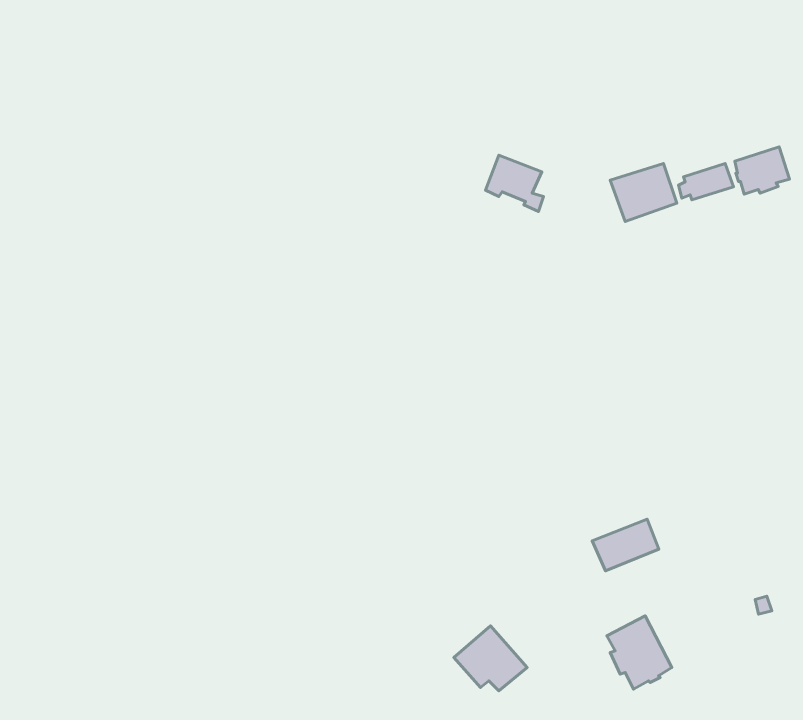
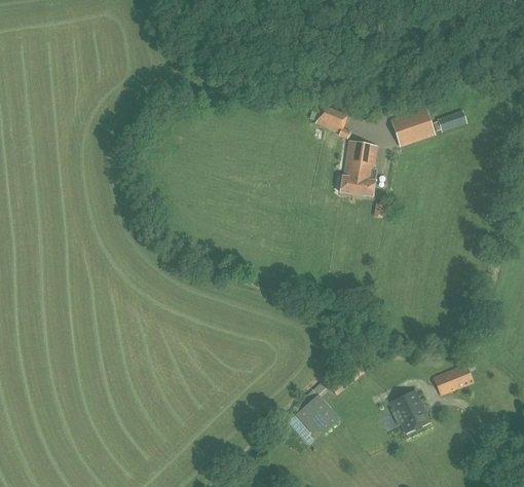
building: [735,147,789,194] -> none
building: none -> [340,141,377,196]
building: [592,519,659,571] -> [433,363,474,395]

